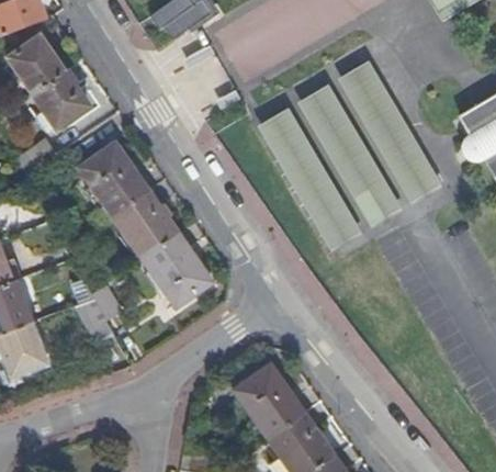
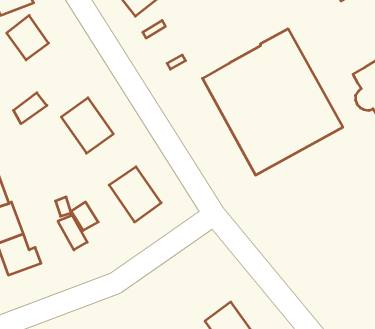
building: [32,72,91,132] -> none
building: [113,192,178,259] -> none
building: [234,363,302,437] -> none

